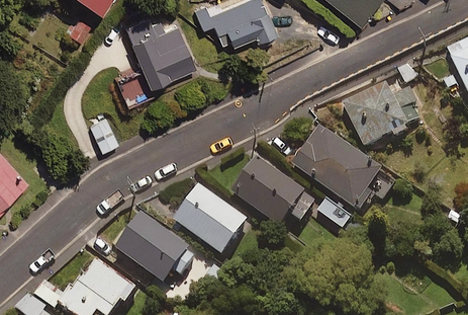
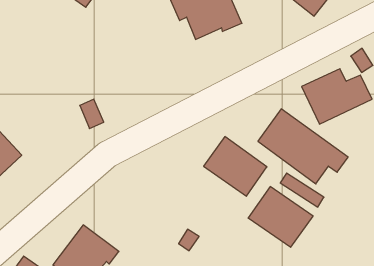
building: [113,19,196,107] -> none
building: [175,188,249,257] -> [248,187,313,247]
building: [117,217,190,286] -> none

